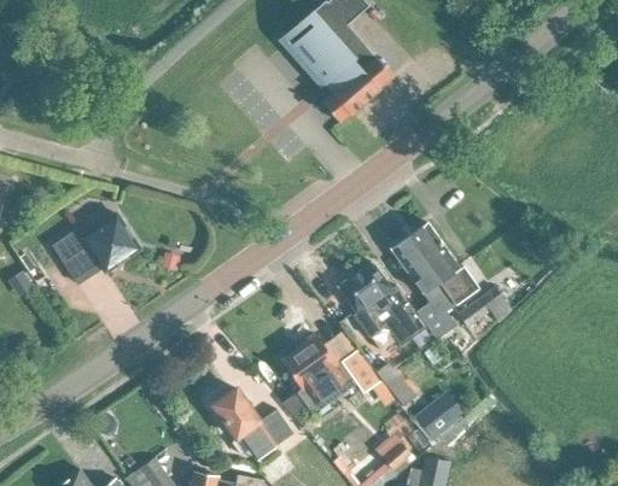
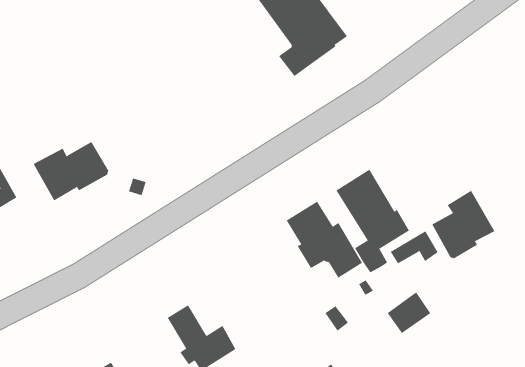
building: none -> [431,190,495,259]
building: [281,334,379,414] -> none
building: [415,390,465,438] -> [387,291,431,334]

